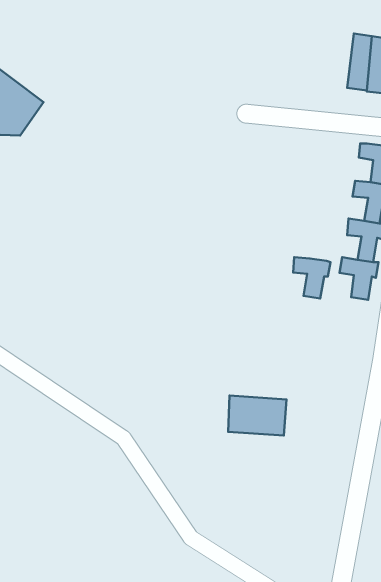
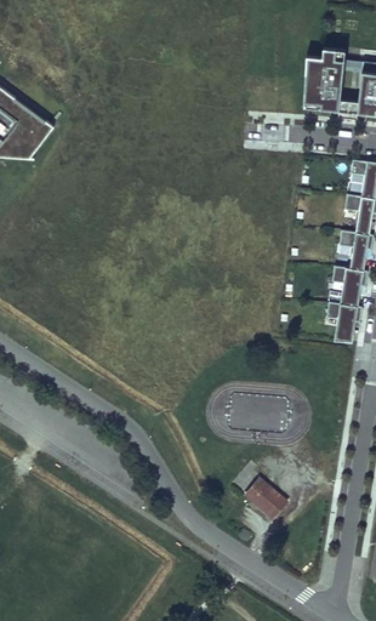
building: none -> [302,47,344,112]
building: [293,257,331,298] -> [326,304,361,343]
building: none -> [237,482,281,522]

